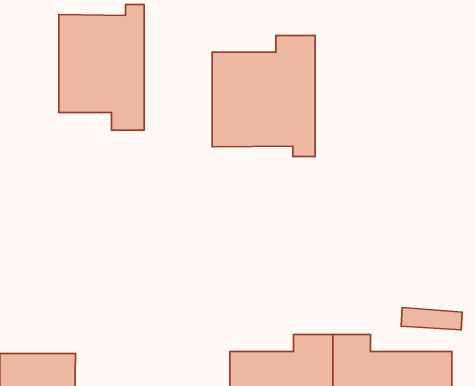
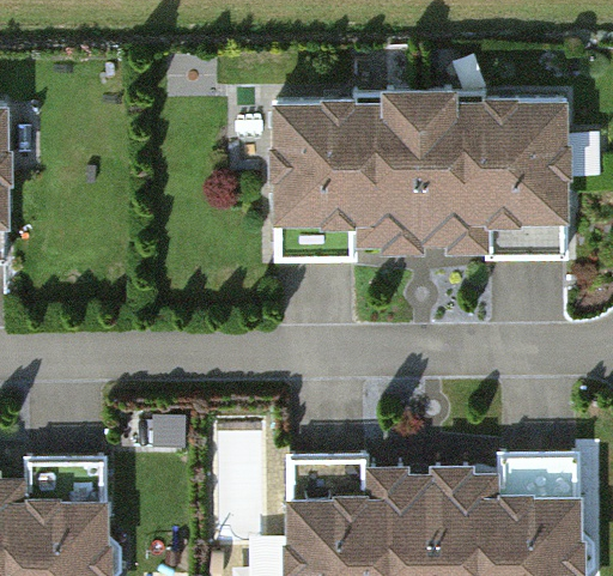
building: [59,5,144,130] -> none
building: none -> [407,85,559,240]

